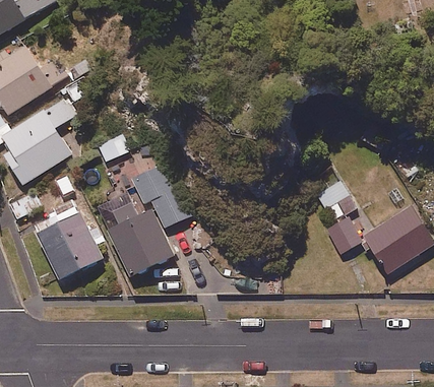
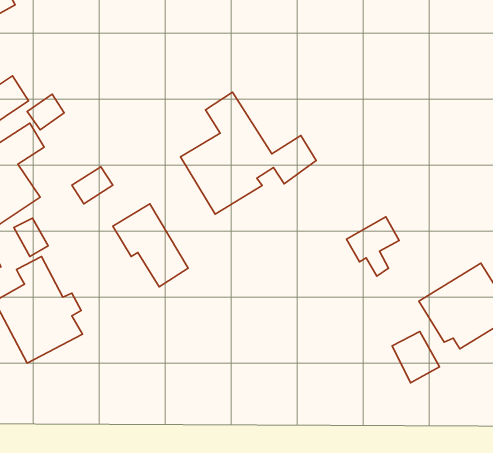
building: none -> [180,92,316,214]
building: [97,192,175,277] -> none
building: [324,212,361,252] -> [392,331,440,383]

